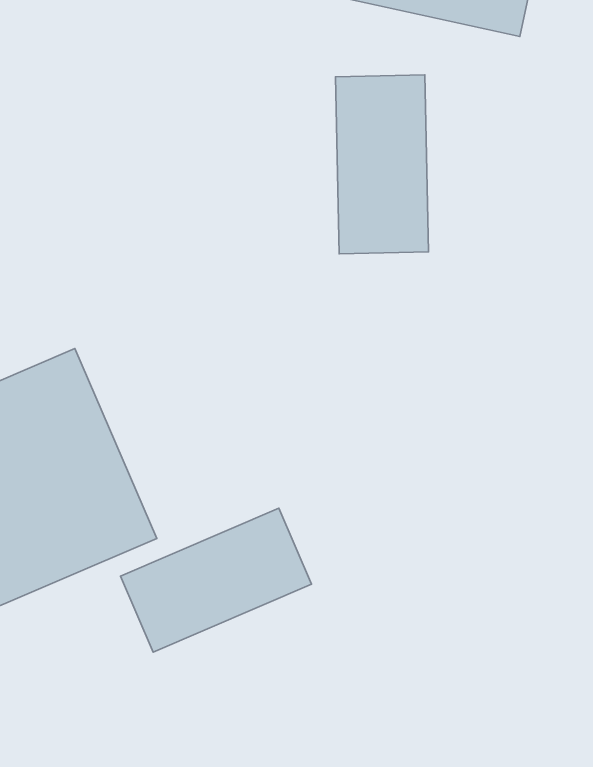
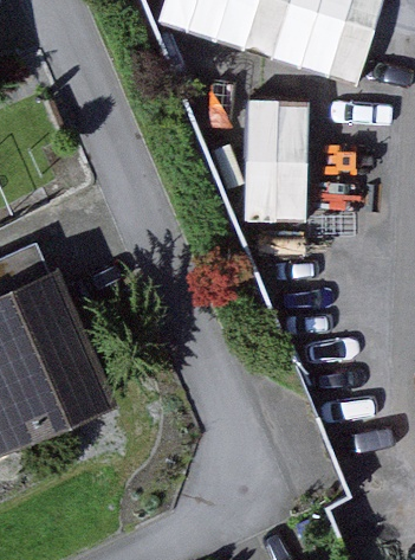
building: [121,508,311,652] -> none

